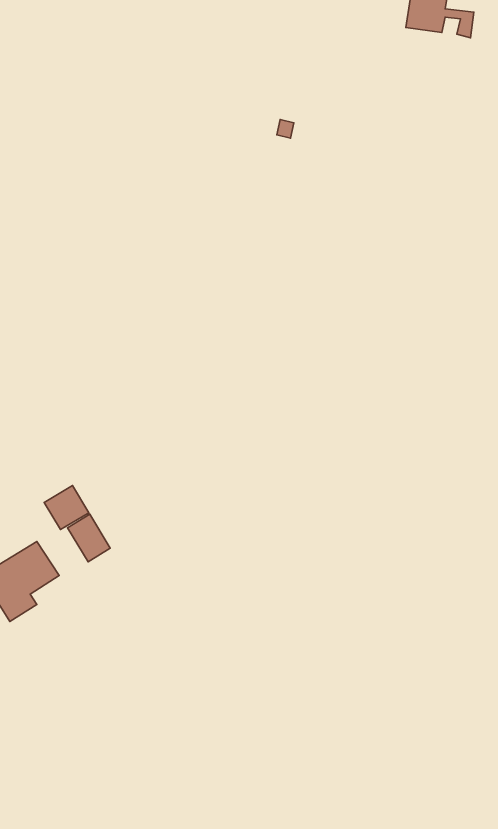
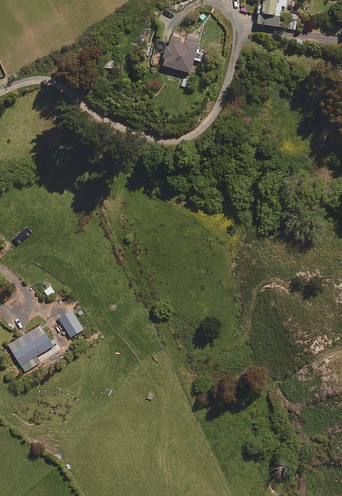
building: none -> [162,34,202,73]
building: [44,486,89,530] -> none

